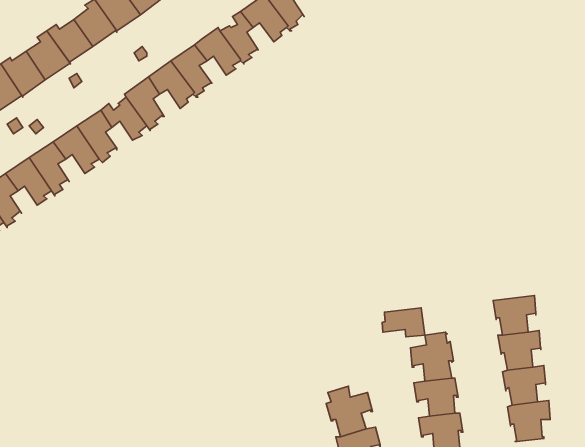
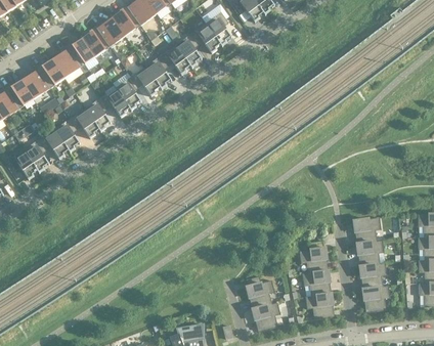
building: [382,308,425,337] -> none

